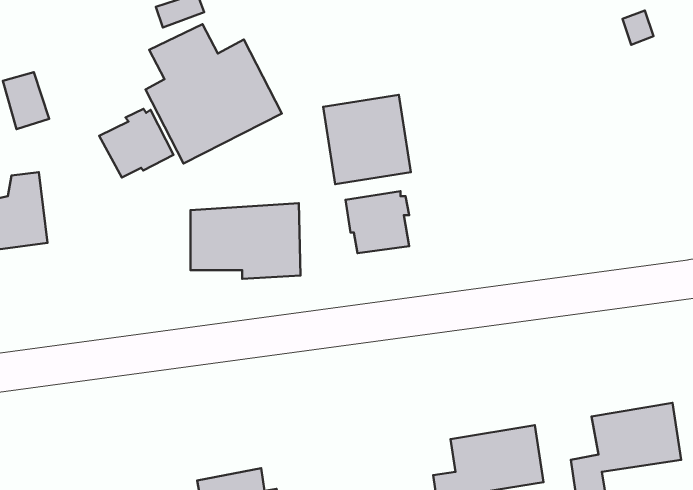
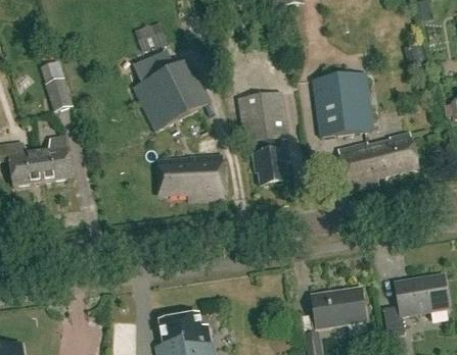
building: none -> [314,71,372,136]
building: [99,109,174,177] -> none
building: none -> [336,133,416,192]

